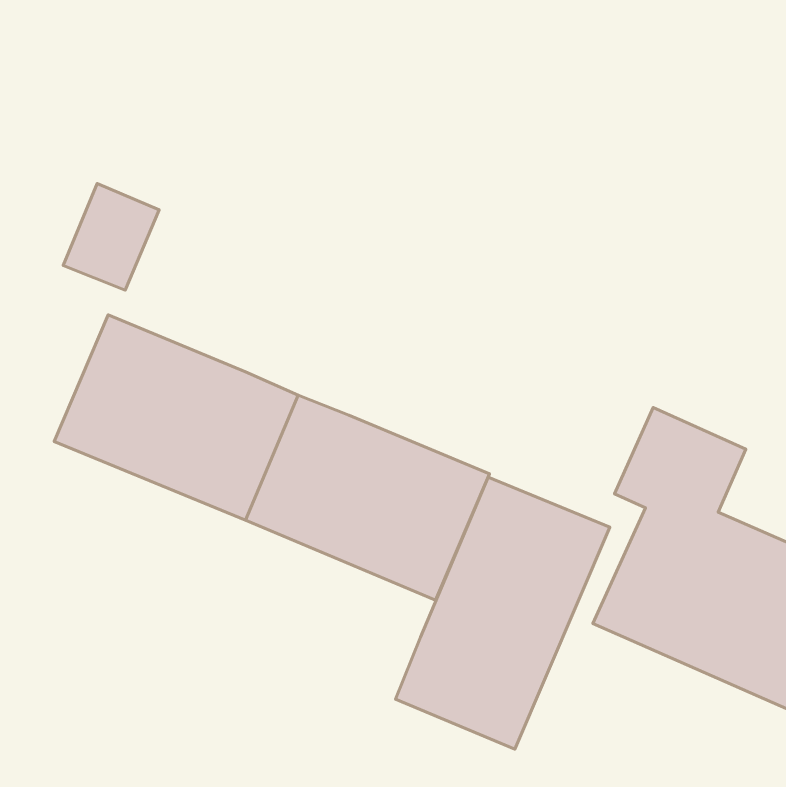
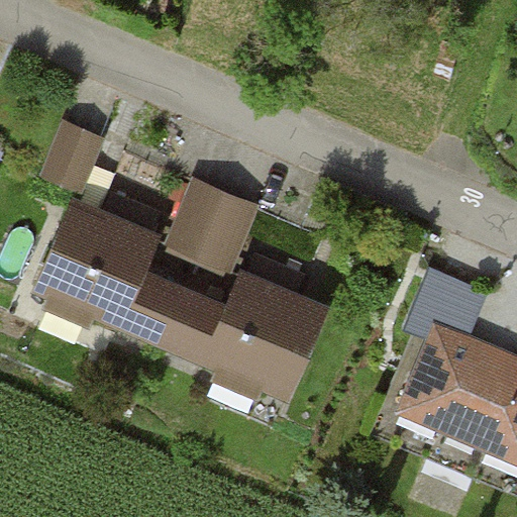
building: none -> [163,183,255,273]
building: [395,477,610,749] -> none

